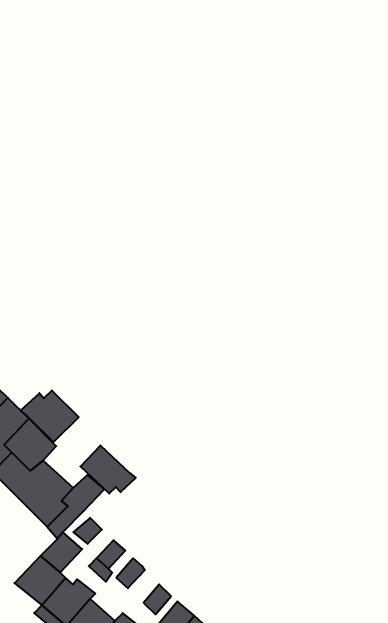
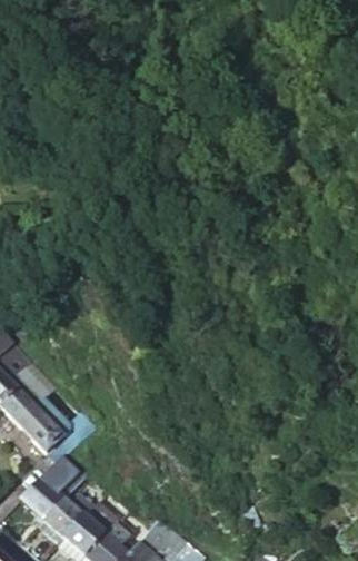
building: [21,390,79,442] -> none
building: [80,445,136,494] -> none

